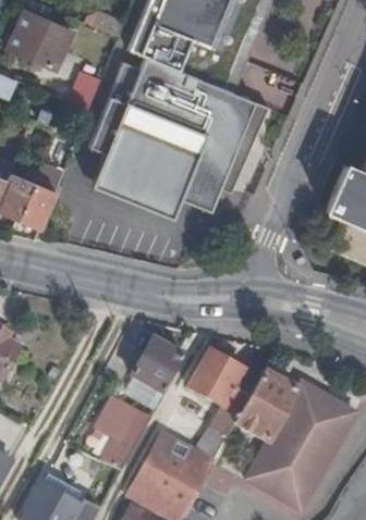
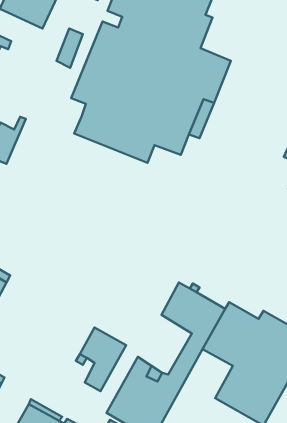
building: [16,168,54,228] -> none
building: [131,338,184,394] -> none

